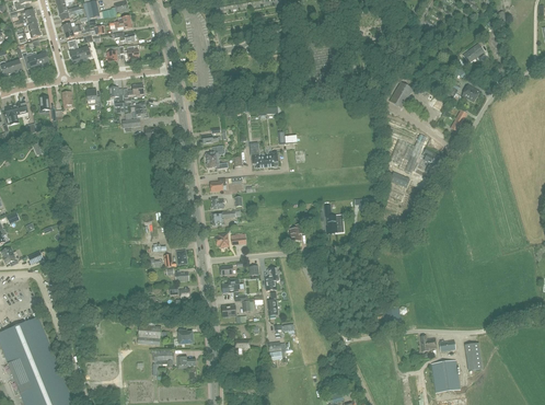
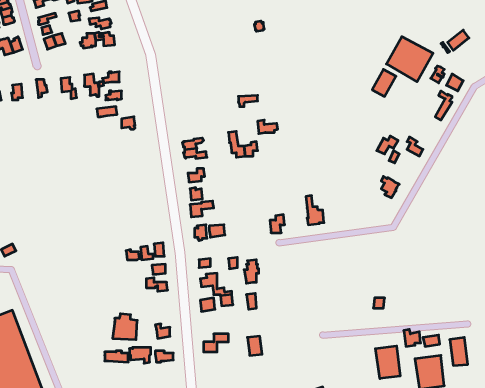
building: none -> [386,37,433,82]
building: none -> [375,346,400,379]

